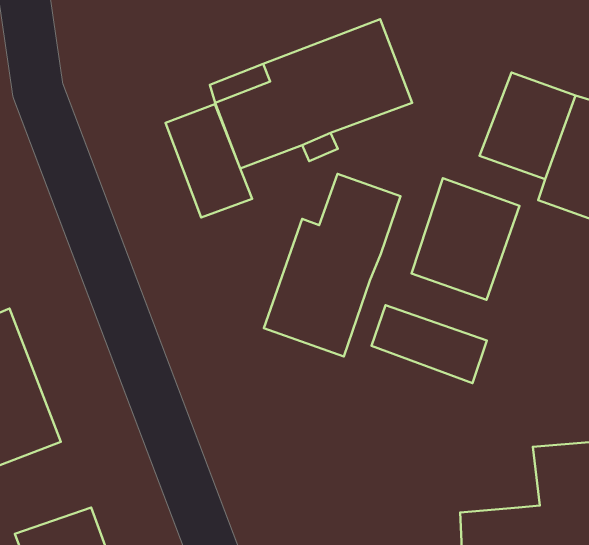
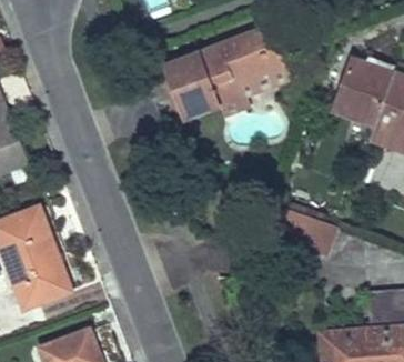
building: [165,104,252,217] -> none
building: [264,174,401,357] -> none
building: [412,178,520,300] -> none

